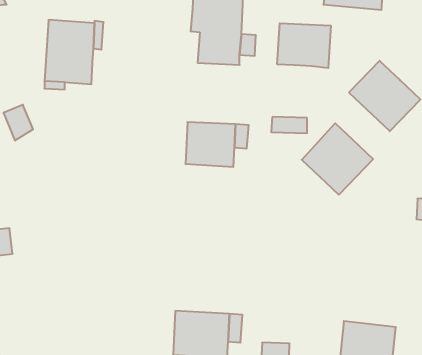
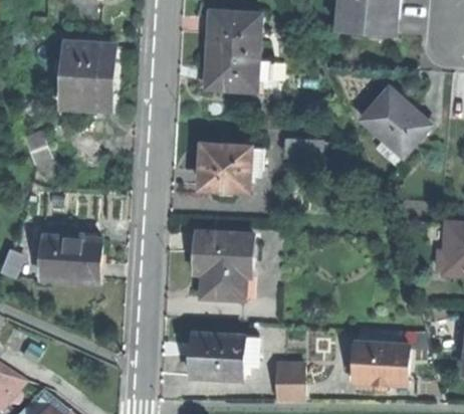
building: [277,23,331,68] -> none
building: [302,123,373,195] -> none
building: none -> [193,232,250,297]
building: none -> [47,237,103,282]

